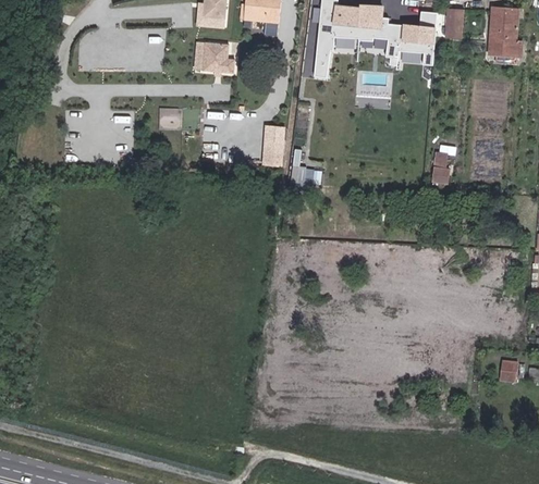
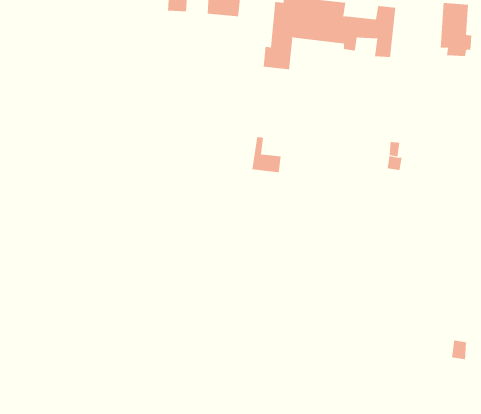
building: [444,10,462,38] -> none
building: [201,44,233,74] -> none
building: [262,140,285,166] -> none

